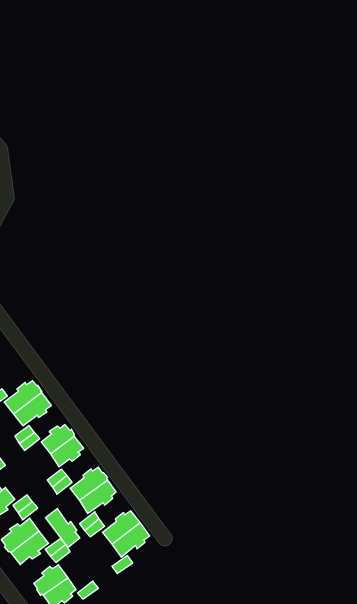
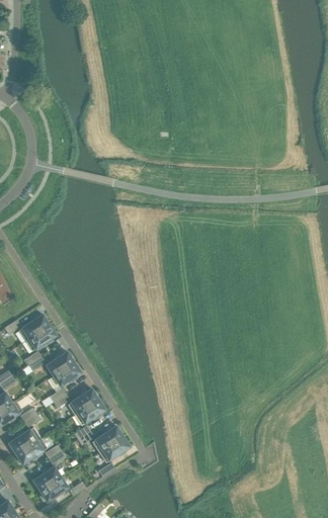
building: [46,508,80,547] -> none

